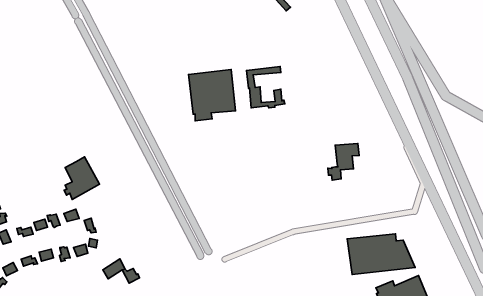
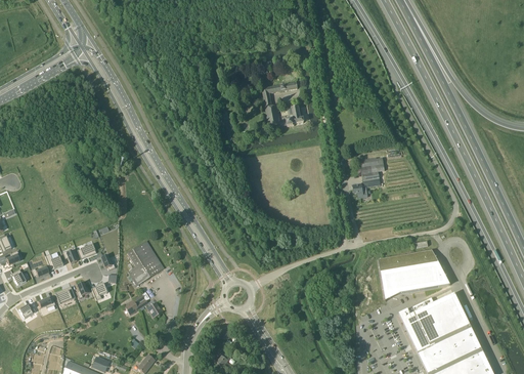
building: [188,69,236,121] -> none
building: [64,157,100,199] -> [127,241,164,286]

